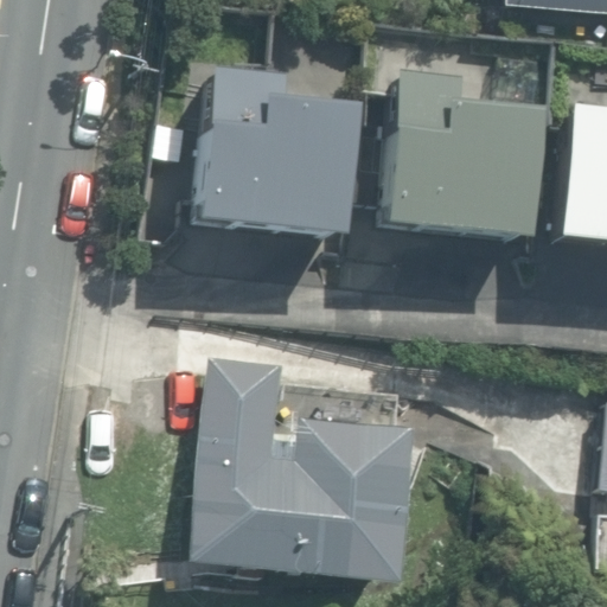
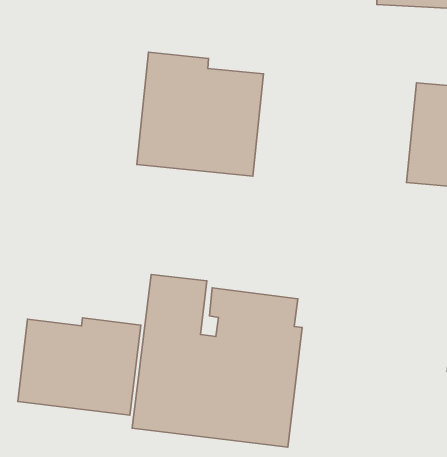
building: [382,70,544,241] -> none
building: none -> [18,318,141,415]

